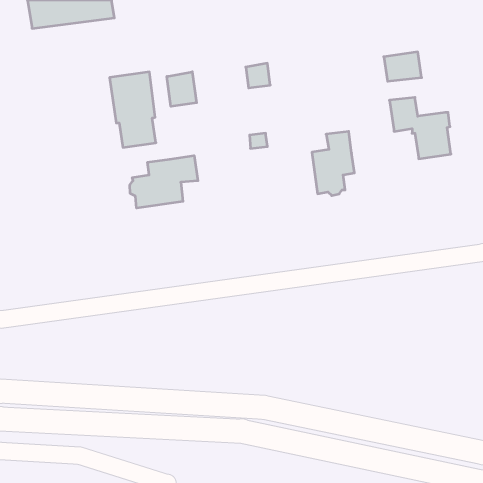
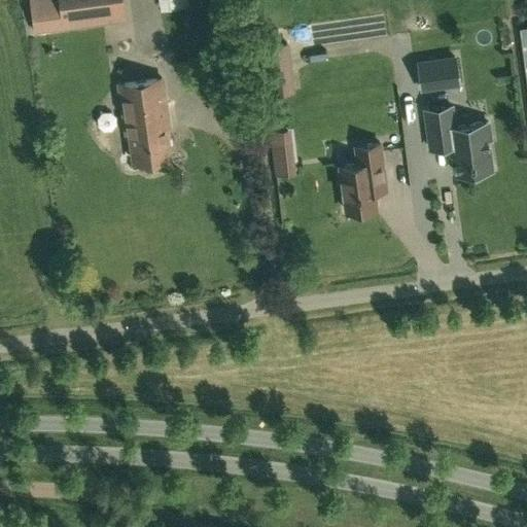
building: [167,72,197,106] -> none
building: [130,156,198,208] -> none

